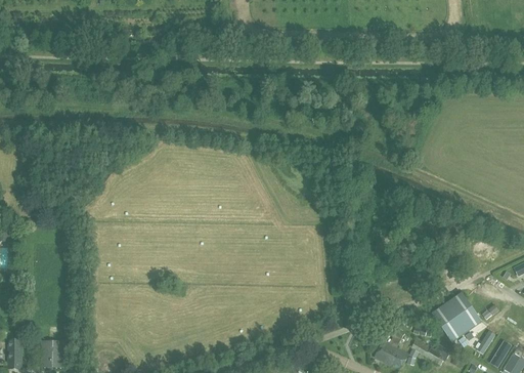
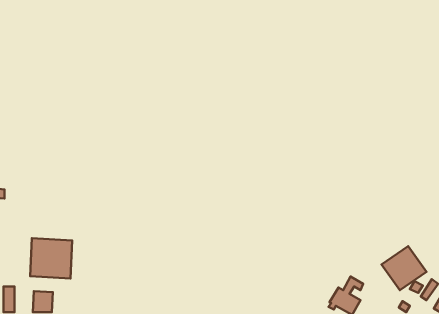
building: none -> [30,238,72,279]
building: [409,337,450,364] -> none

